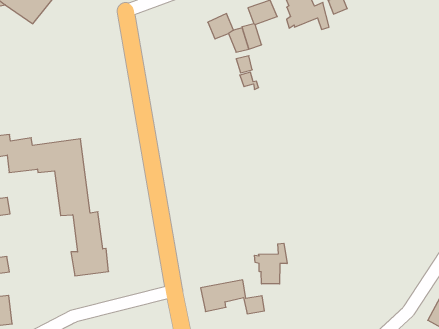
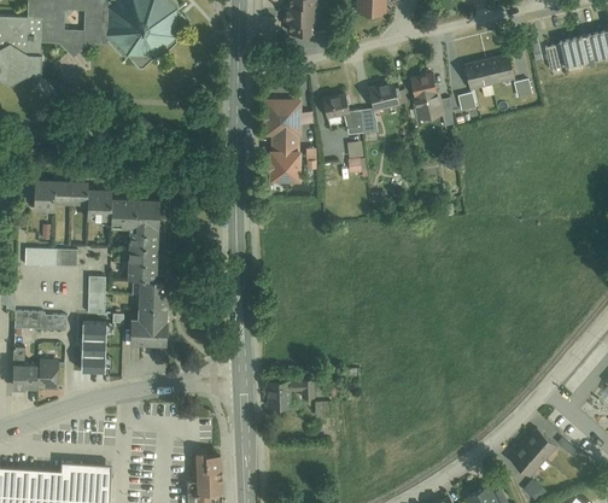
building: none -> [267,96,311,175]
building: none -> [87,277,107,314]
building: [254,243,287,284] -> none
building: none -> [80,322,105,372]

